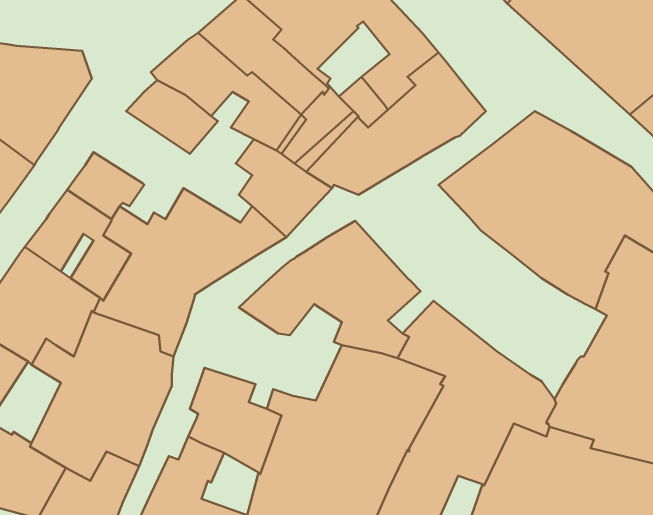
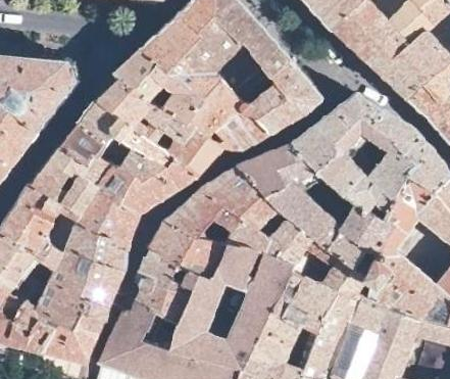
building: none -> [77,98,176,168]
building: none -> [240,144,397,278]
building: none -> [146,221,232,279]

